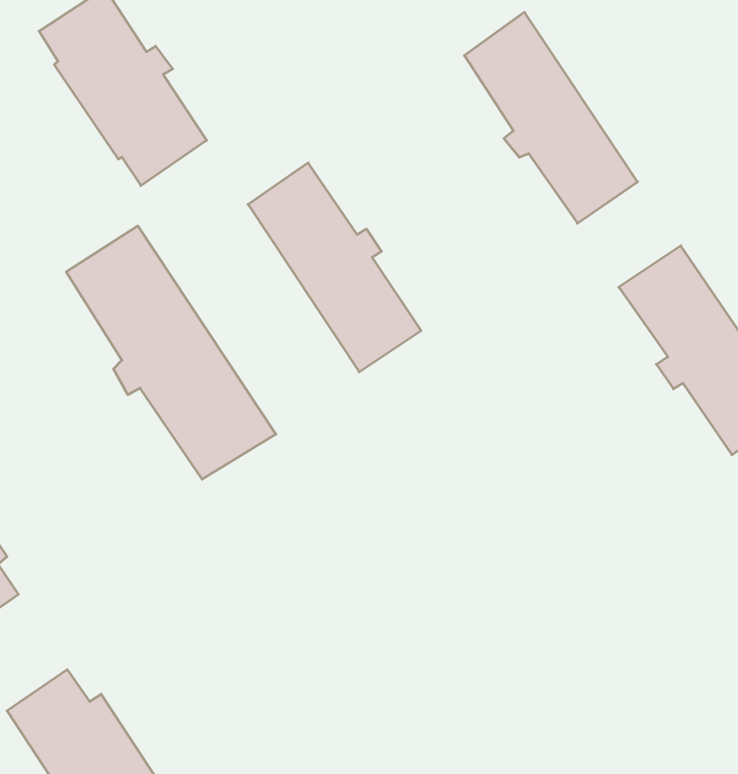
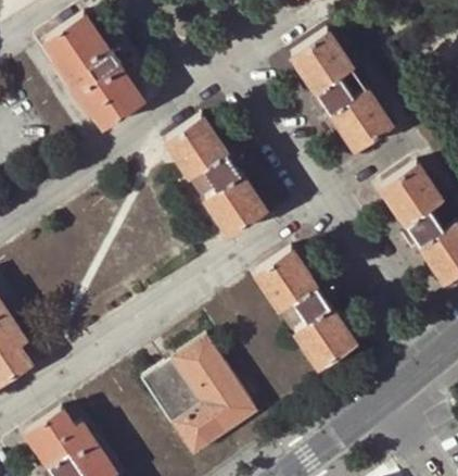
building: [66,226,276,479] -> none
building: none -> [255,248,356,371]
building: none -> [142,335,256,453]

